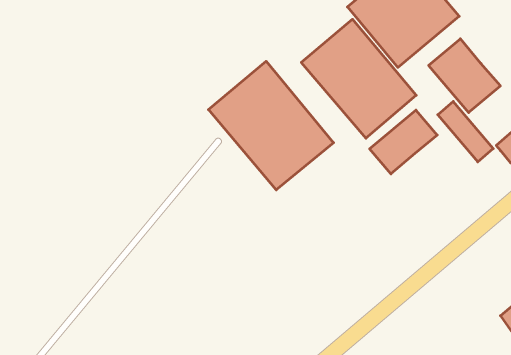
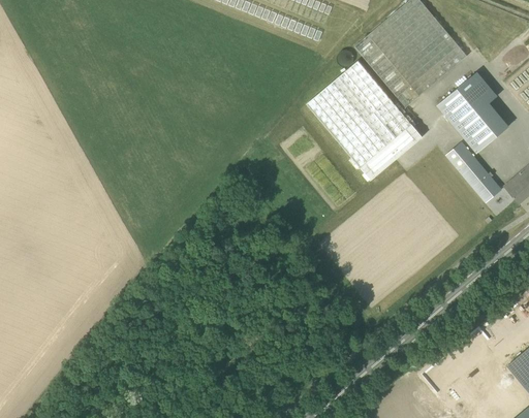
building: [208,61,334,190] -> none
building: [370,110,437,174] -> none

